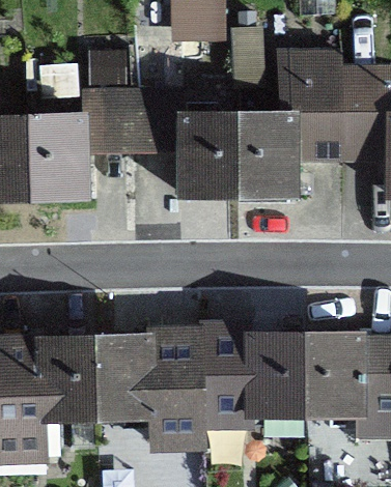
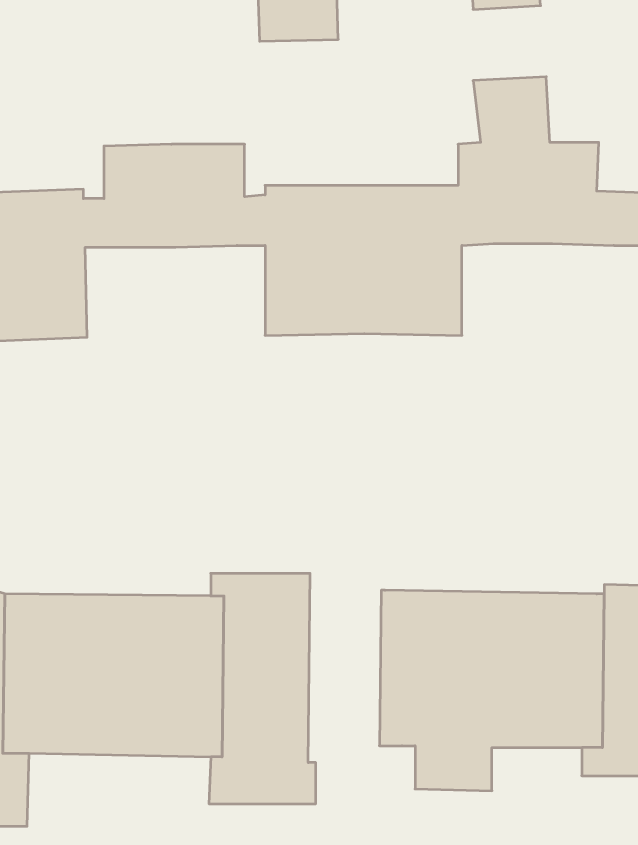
building: [197,318,255,429] -> none

